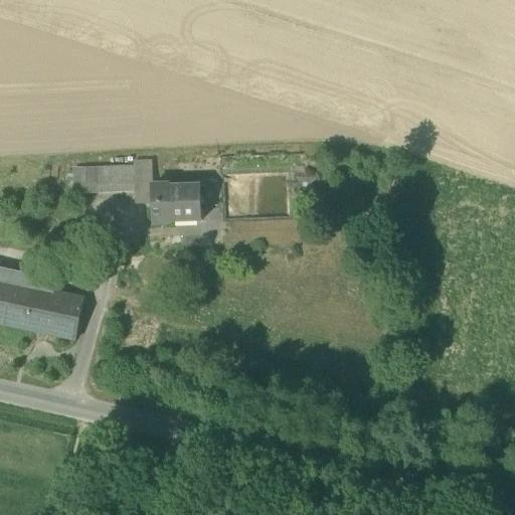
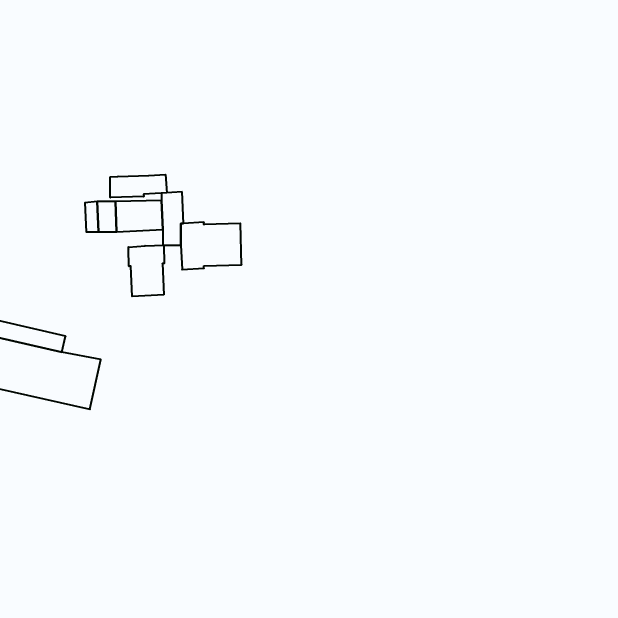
building: none -> [110,175,167,198]
building: none -> [128,245,164,296]

